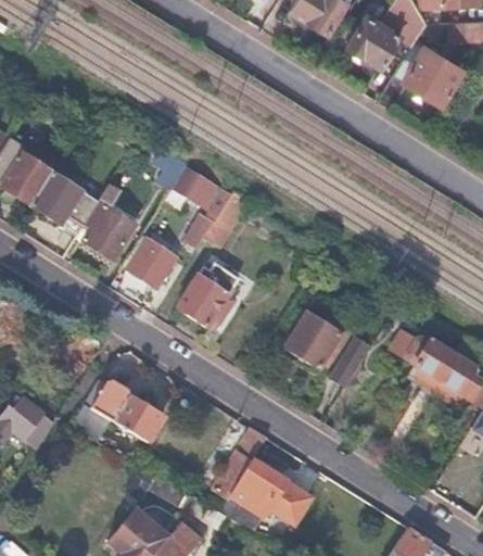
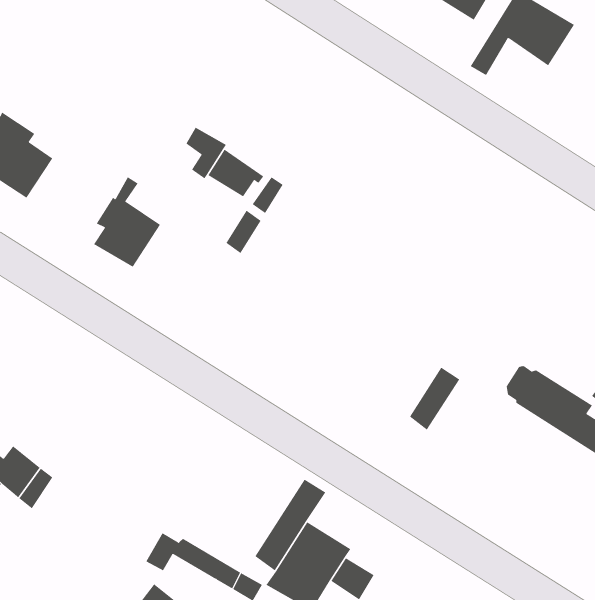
building: [33,174,100,236] -> none
building: [126,235,178,288] -> none
building: [178,266,229,328] -> none
building: [288,313,354,370] -> none
building: [72,381,165,443] -> none

